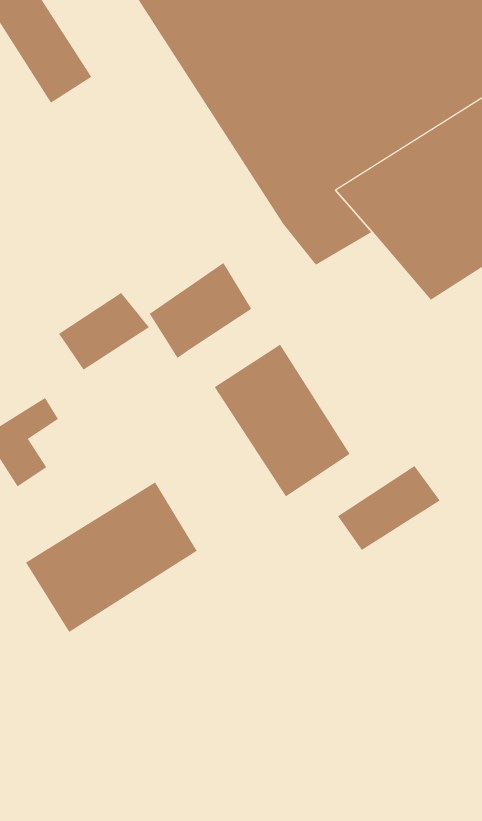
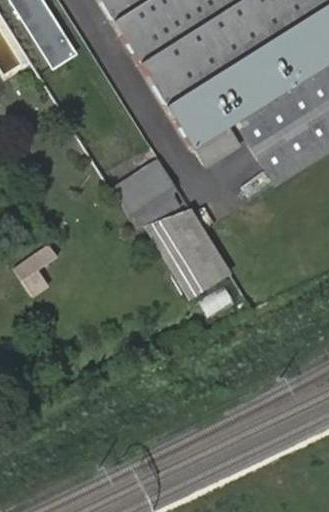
building: [58,292,150,370] -> [135,189,190,236]
building: [337,465,441,551] -> none
building: [25,481,198,633] -> none

